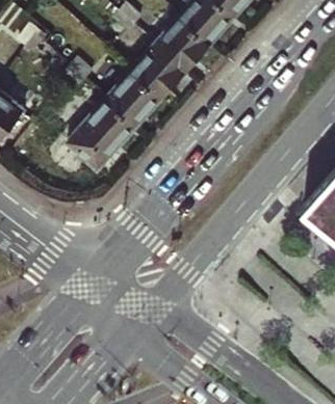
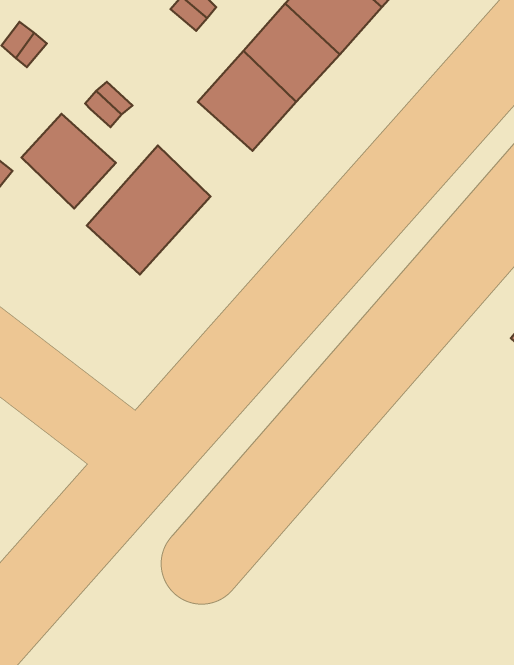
building: [106,71,160,125] -> [21,114,116,208]

